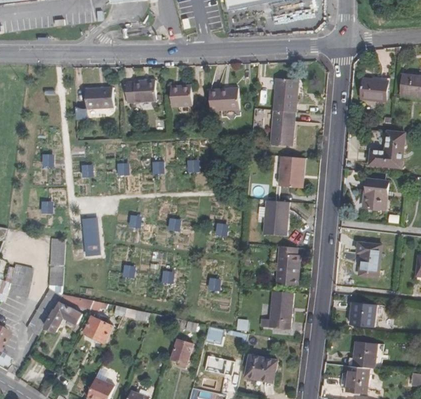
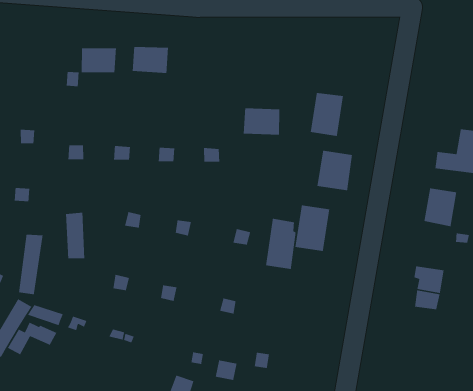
building: [272,78,296,112] -> none
building: [363,78,385,100] -> none
building: [169,86,190,105] -> none
building: [208,90,237,112] -> [243,108,280,135]
building: [276,245,299,285] -> [265,218,297,270]
building: [260,290,293,329] -> none
building: [351,301,376,325] -> none
building: [83,316,111,341] -> none

